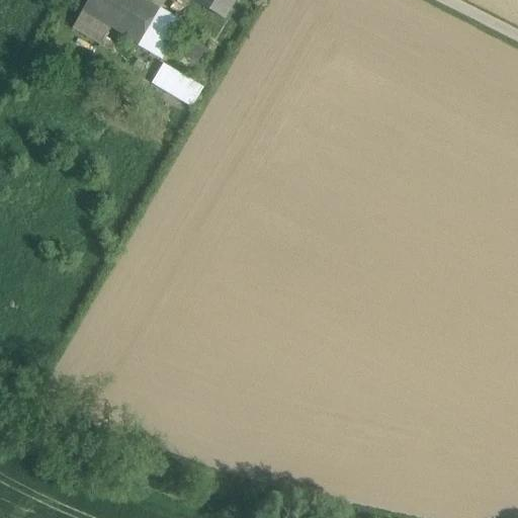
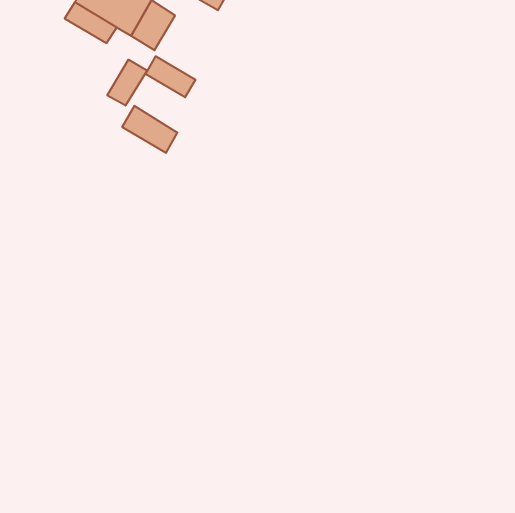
building: none -> [107,60,147,106]
building: none -> [122,106,177,153]

